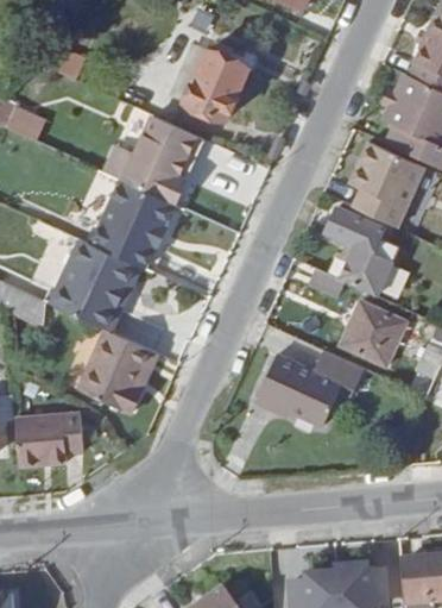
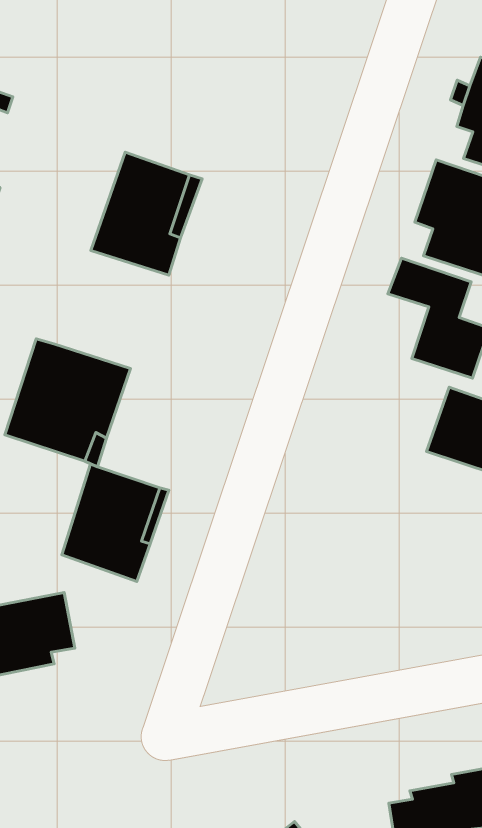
building: [187,49,252,117] -> none
building: [91,177,176,267] -> none
building: [255,349,364,424] -> none

